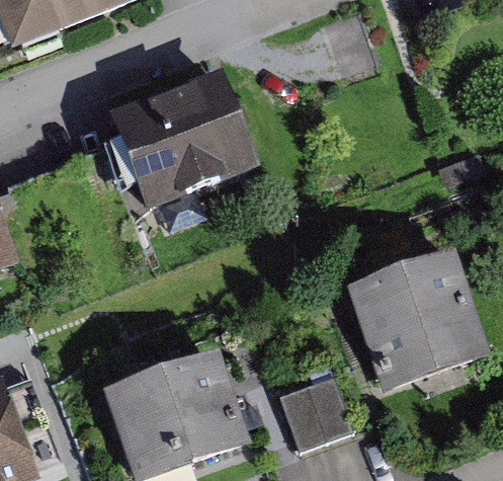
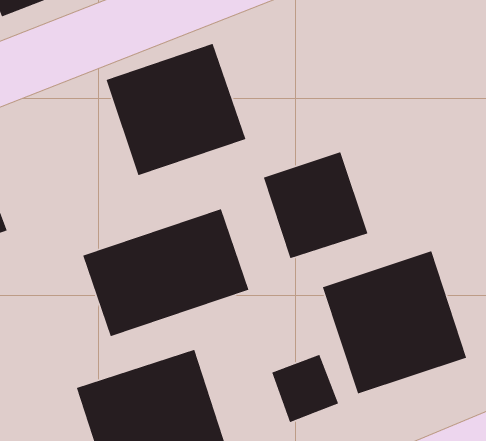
building: none -> [263,151,368,259]
building: none -> [82,208,249,337]

